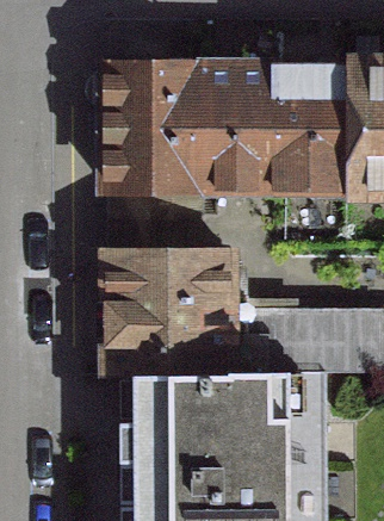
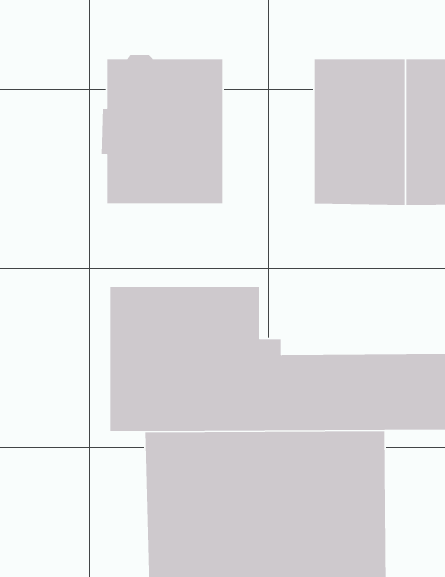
building: [193,69,267,188] -> none

